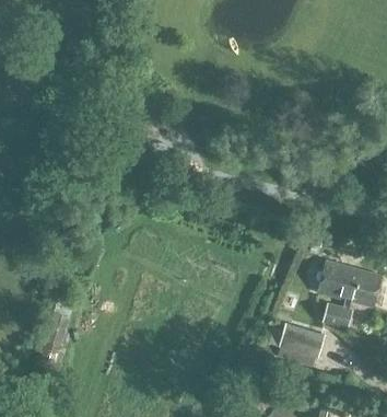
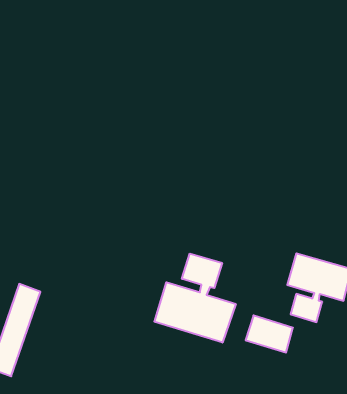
building: none -> [154,254,236,343]

